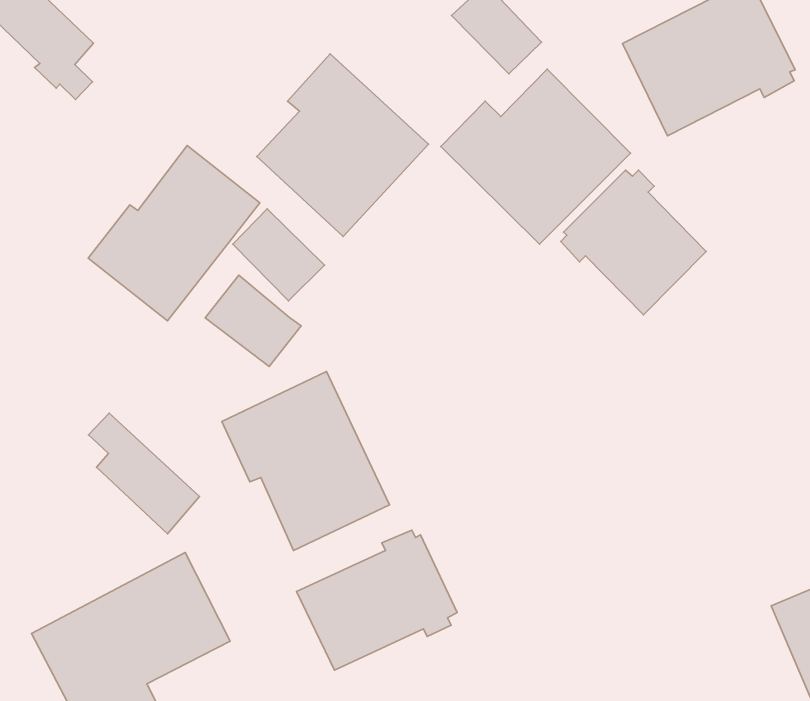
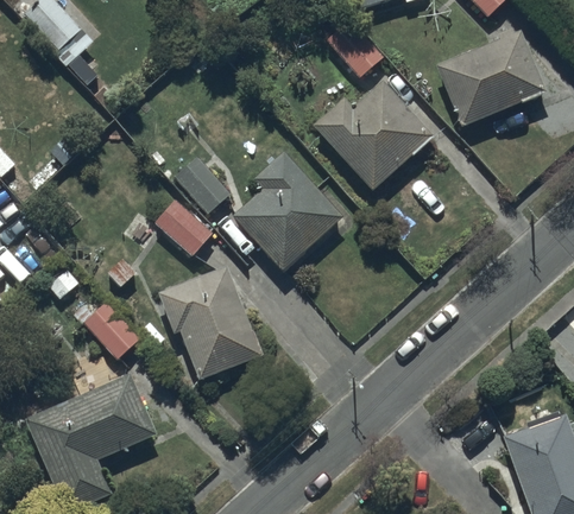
building: [257,54,428,237] -> [232,152,343,271]
building: [88,146,260,321] -> none
building: [561,170,706,315] -> none
building: [296,530,457,670] -> none

